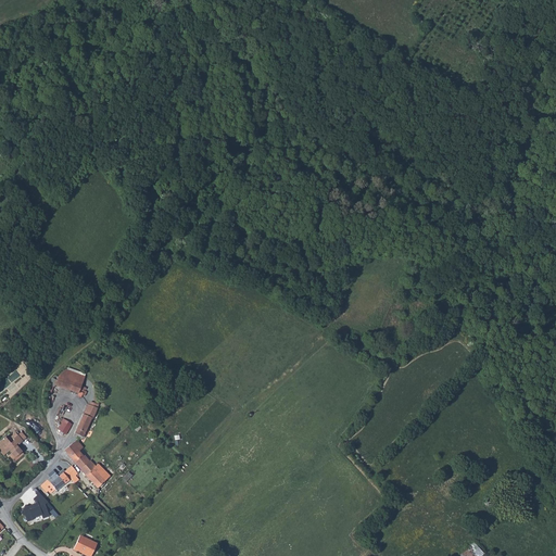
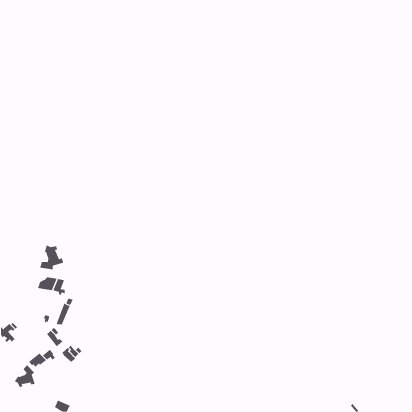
building: none -> [40,245,64,270]

